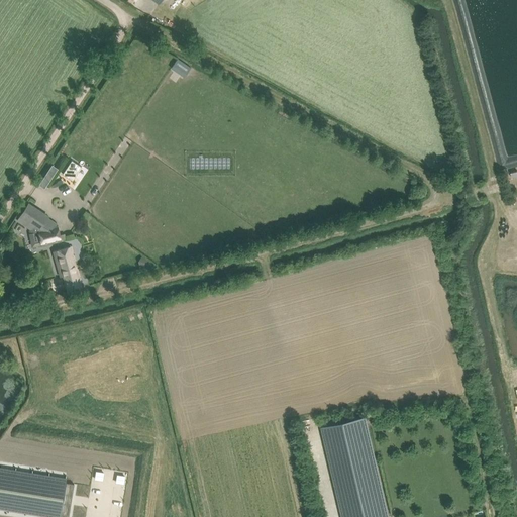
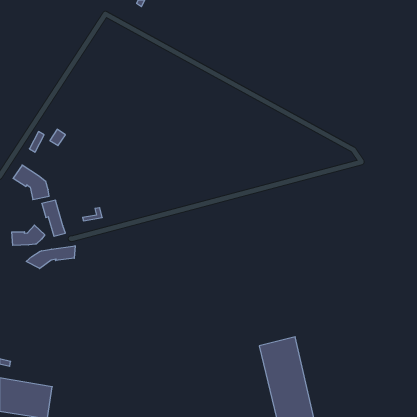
building: none -> [12,225,45,245]
building: none -> [26,246,75,269]

